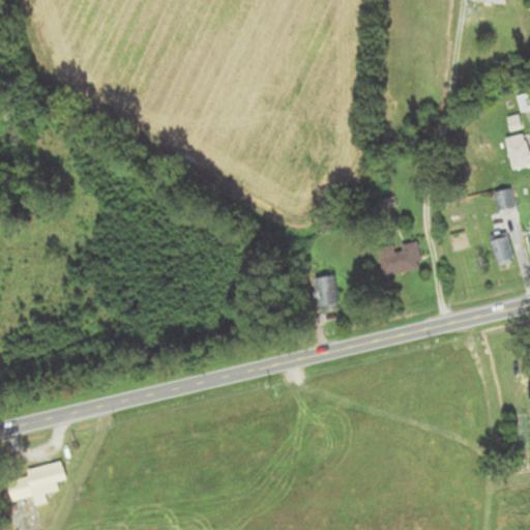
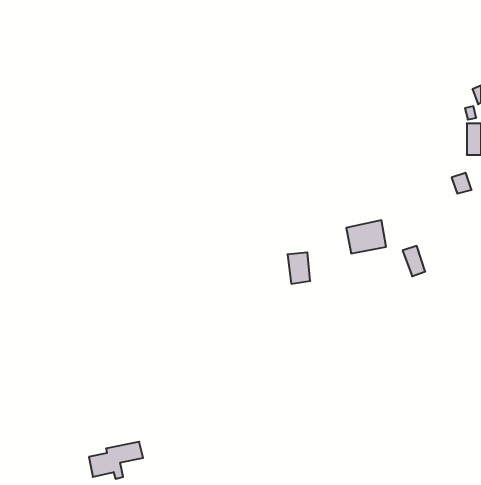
building: [489,233,513,266] -> [403,246,425,276]
building: [6,463,65,503] -> [89,442,143,479]

